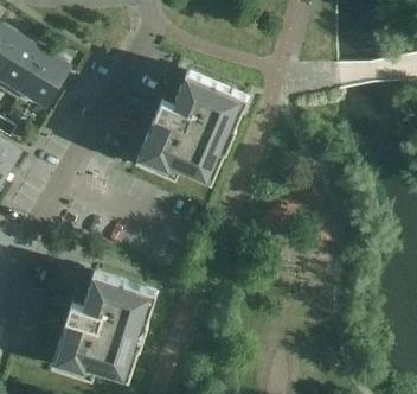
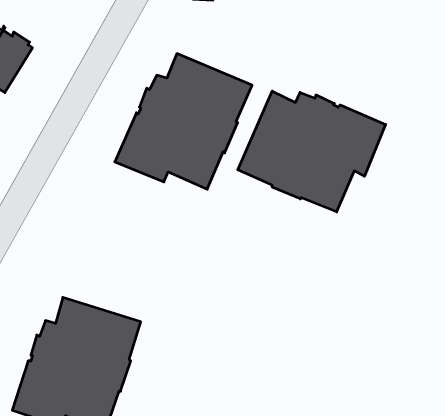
building: none -> [238,91,386,212]

